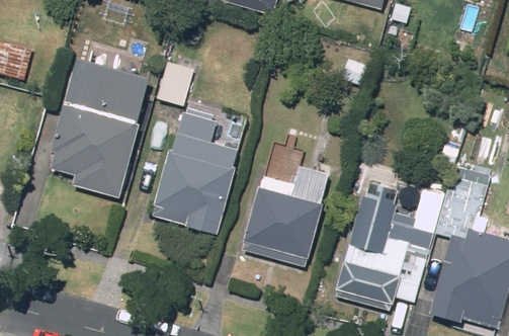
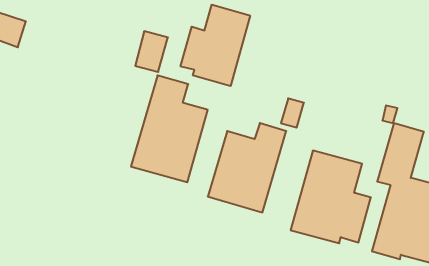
building: none -> [181,5,250,86]
building: [50,60,149,198] -> none

